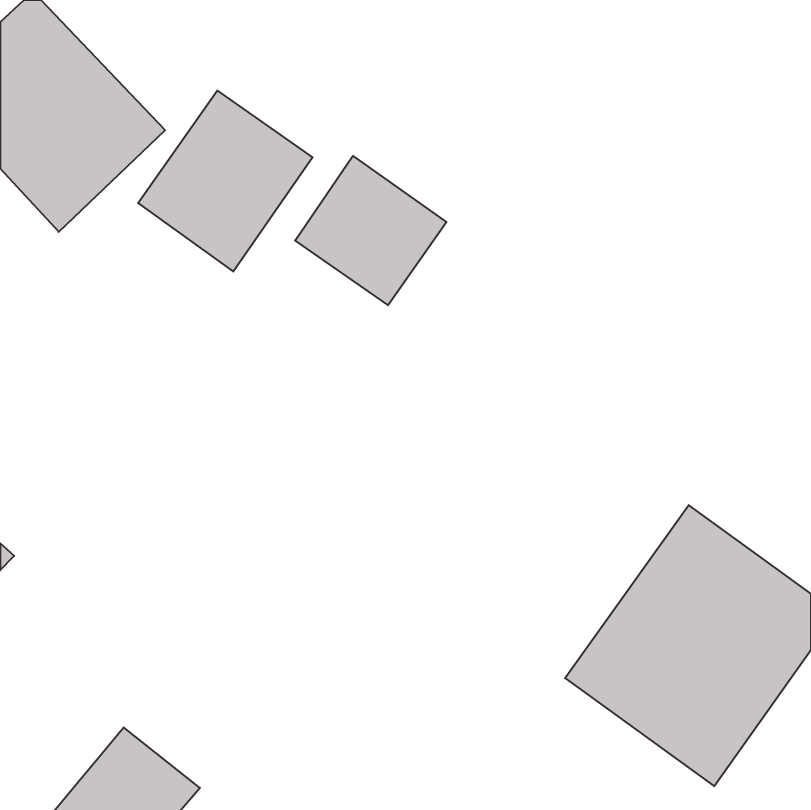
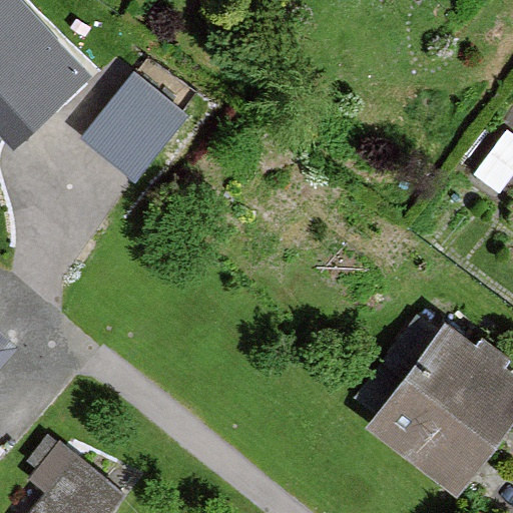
building: [295,156,446,305] -> none

